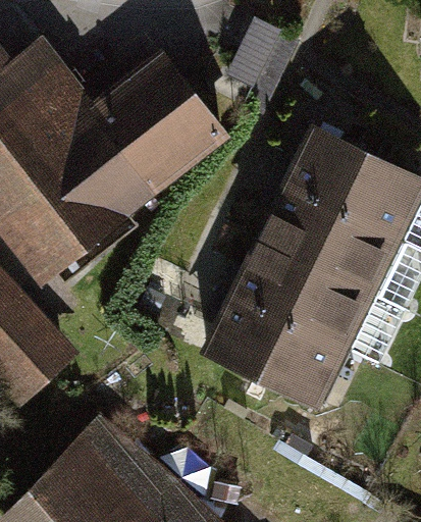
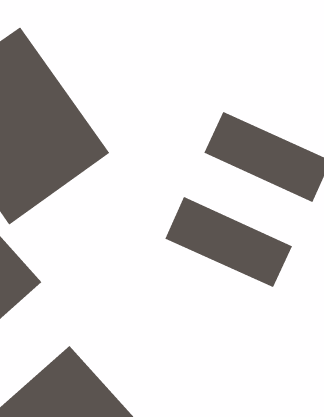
building: [95,50,234,192] -> none
building: [247,193,405,305] -> none
building: [199,298,357,409] -> none

